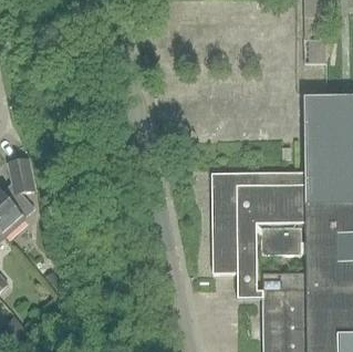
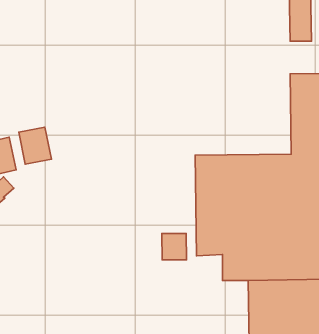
building: none -> [19,127,51,164]
building: none -> [162,233,186,260]

